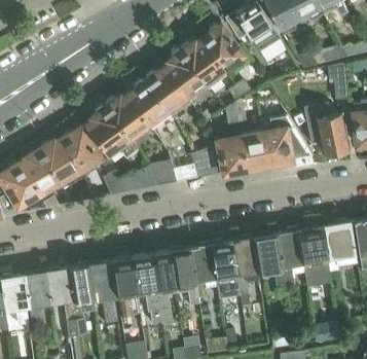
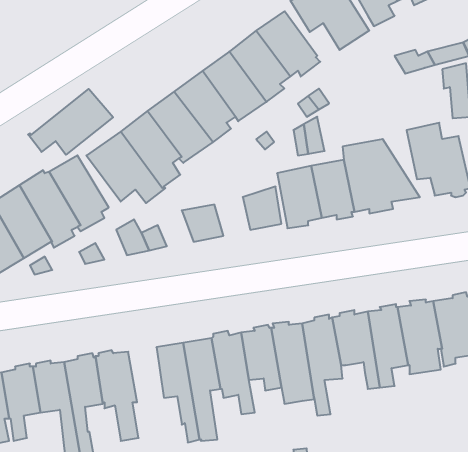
building: none -> [28,89,113,155]
building: [112,258,140,316] -> none

